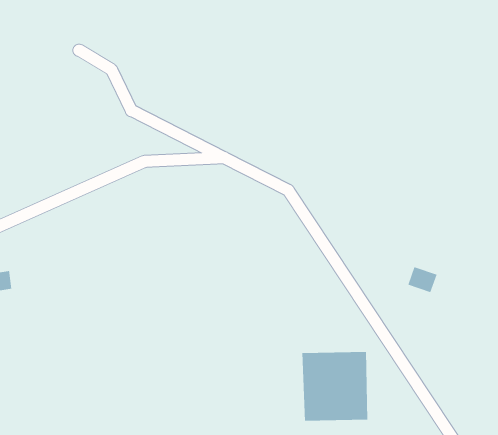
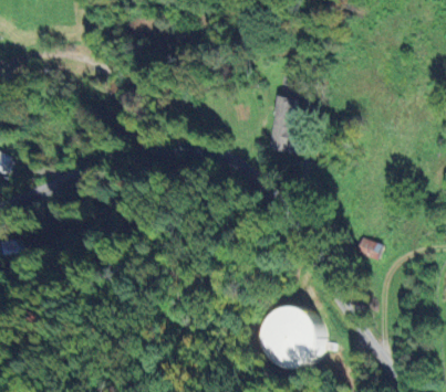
building: none -> [271,97,302,153]

